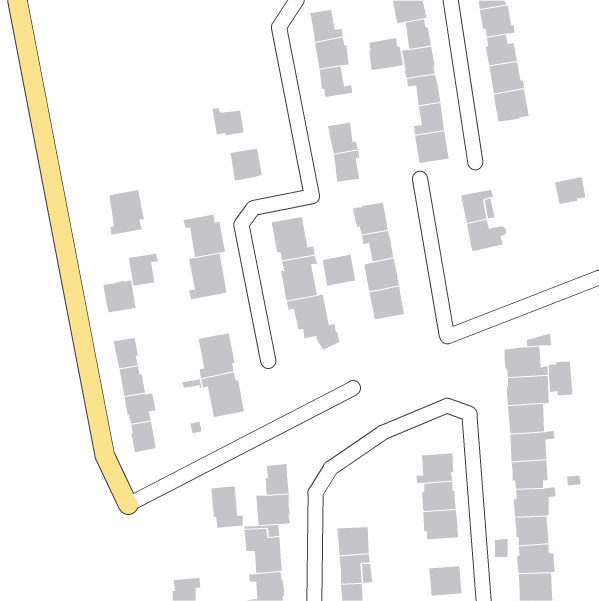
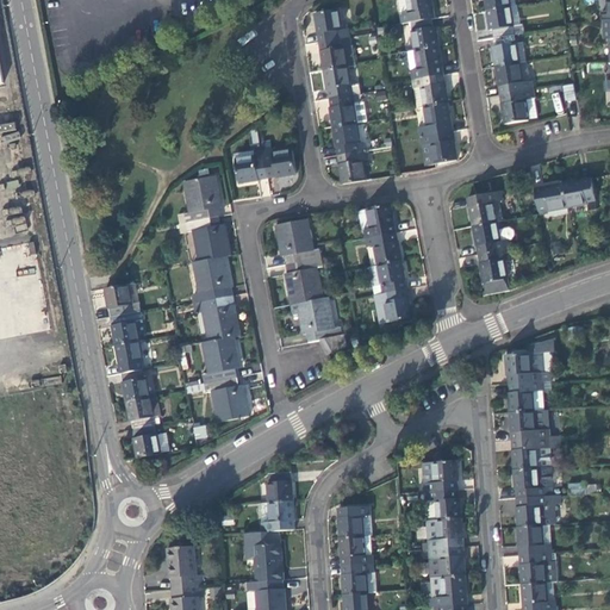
building: [368,38,404,71] -> [329,94,365,127]
building: [211,108,244,136] -> [261,149,294,178]
building: none -> [533,185,566,211]
building: [108,189,145,235] -> [182,176,219,223]
building: none -> [478,248,511,297]
building: [128,253,159,286] -> [110,312,141,346]
building: [322,254,356,287] -> none
building: none -> [193,297,238,342]
building: [548,361,573,396] -> none
building: [211,486,244,528] -> [169,544,203,587]
building: none -> [340,504,373,535]
building: none -> [431,544,466,575]

